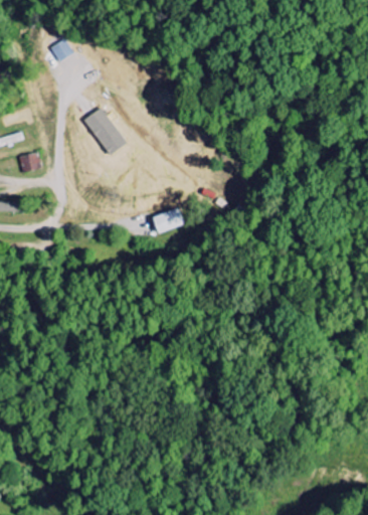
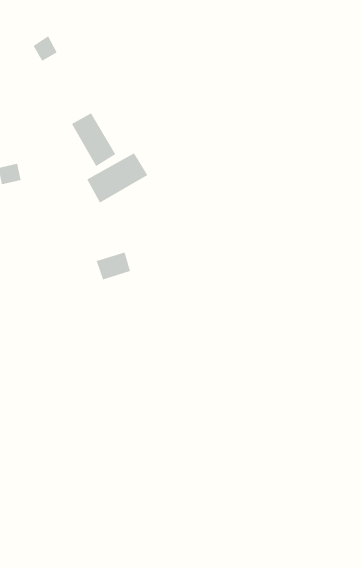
building: none -> [87,152,148,203]
building: [152,208,183,233] -> [96,252,131,280]

